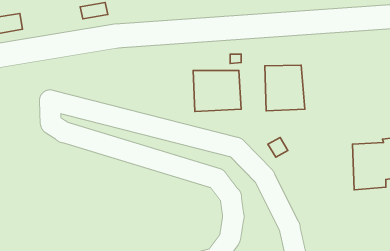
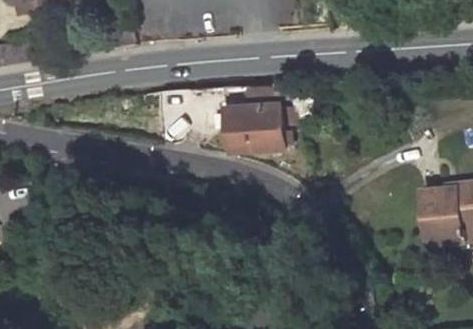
building: [265,65,305,111] -> none

